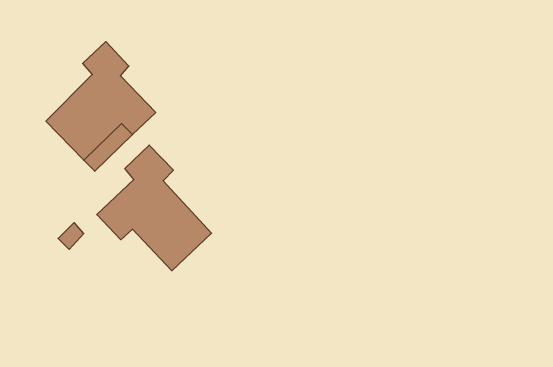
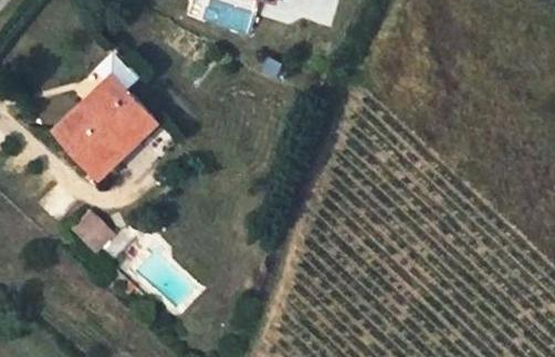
building: [97,145,212,271] -> none

